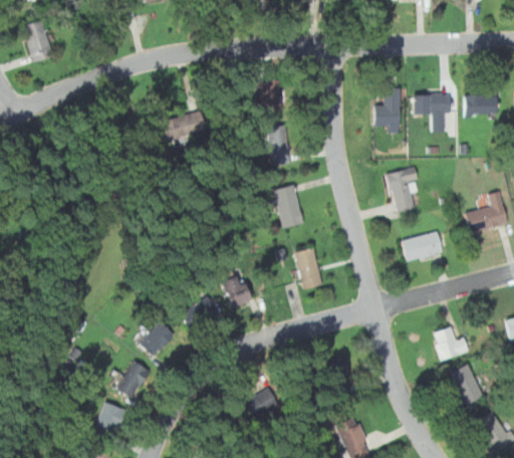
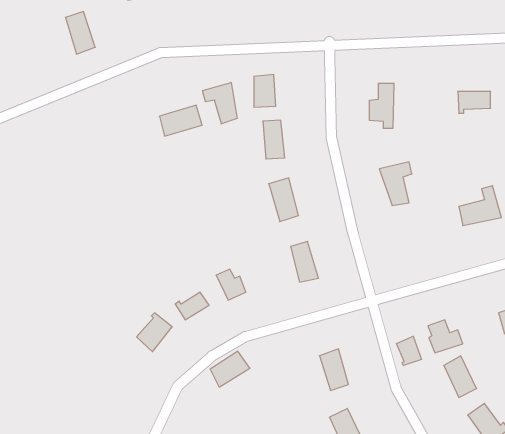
building: [23,20,53,63] -> [65,11,95,54]
building: none -> [202,82,237,124]
building: [412,95,450,132] -> none
building: [401,231,442,262] -> none
building: none -> [397,336,421,366]
building: [116,362,150,399] -> none
building: [242,386,282,422] -> [210,351,250,387]
building: [95,403,124,435] -> none

